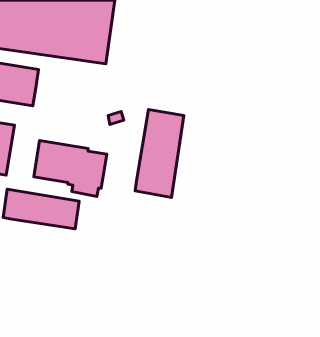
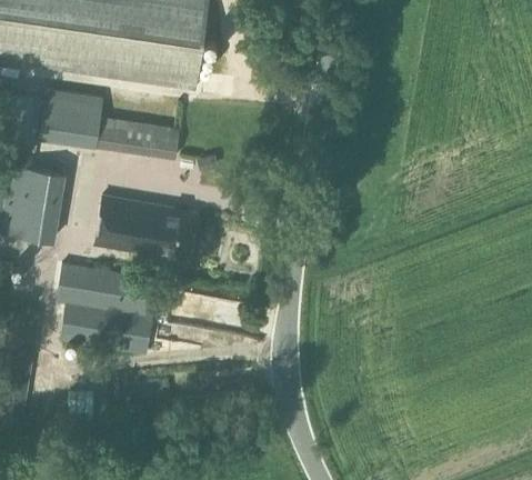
building: none -> [91,118,164,157]
building: [135,109,184,197] -> none
building: none -> [56,301,149,353]

